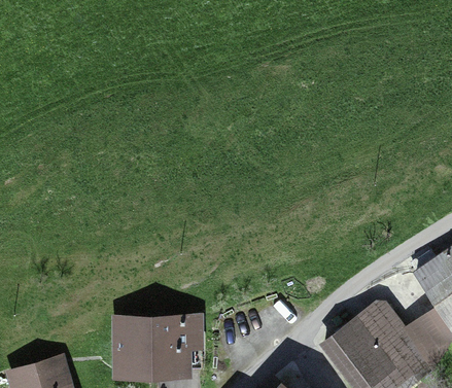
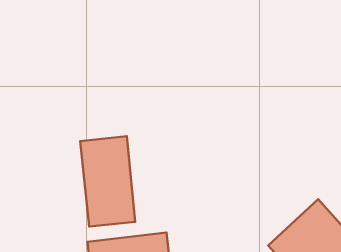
building: none -> [80,136,135,227]

